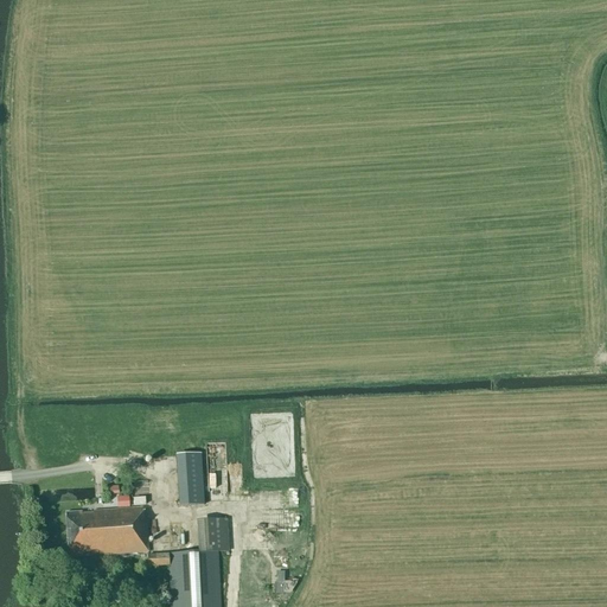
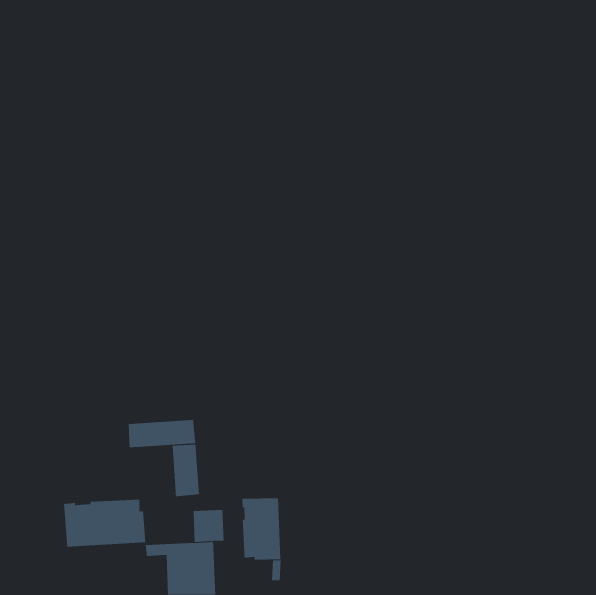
building: none -> [128,419,196,448]
building: none -> [242,498,281,560]

